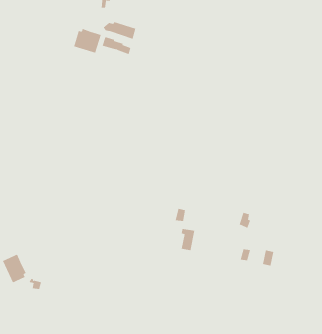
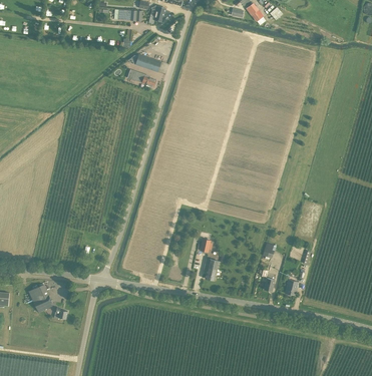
building: [73,28,102,54] -> none

